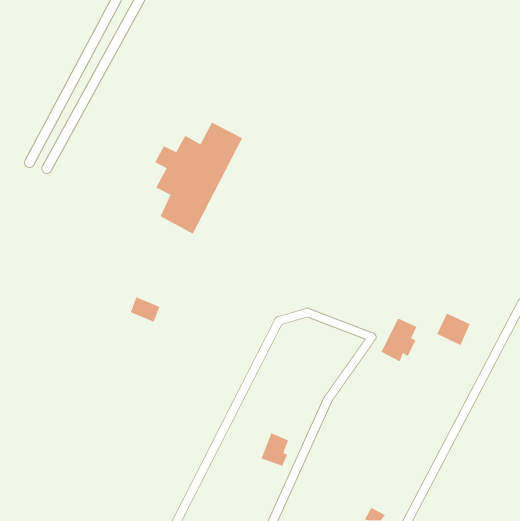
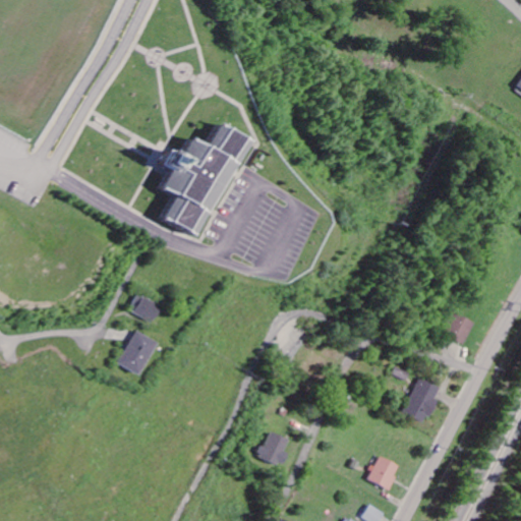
building: [381,317,417,362] -> [403,379,440,423]
building: none -> [117,332,157,375]
building: none -> [368,456,401,488]

